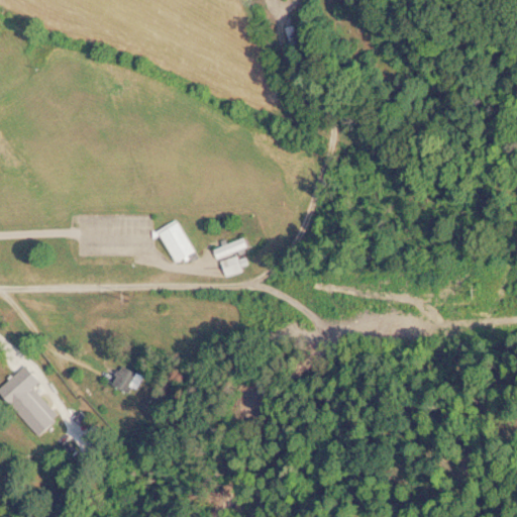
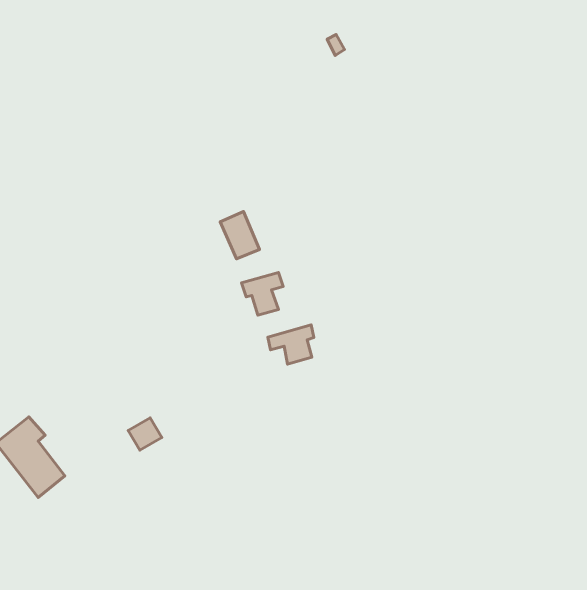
building: [161,221,195,263] -> [220,211,260,259]
building: none -> [268,325,314,364]

